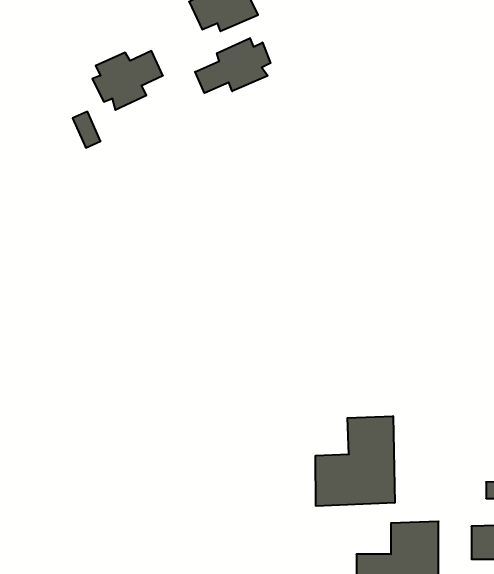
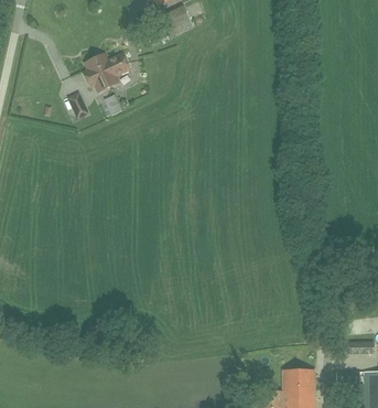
building: [195,38,271,93] -> none
building: [316,416,395,506] -> none

